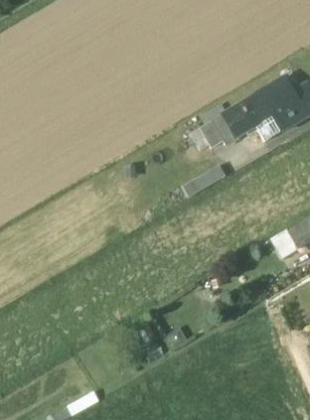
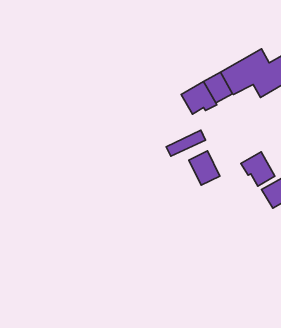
building: none -> [189,151,220,185]
building: none -> [241,152,275,186]

